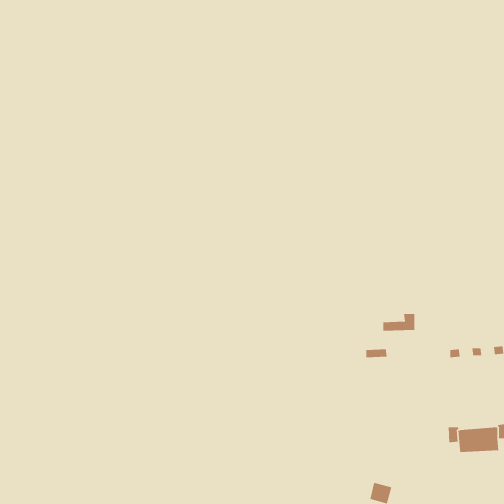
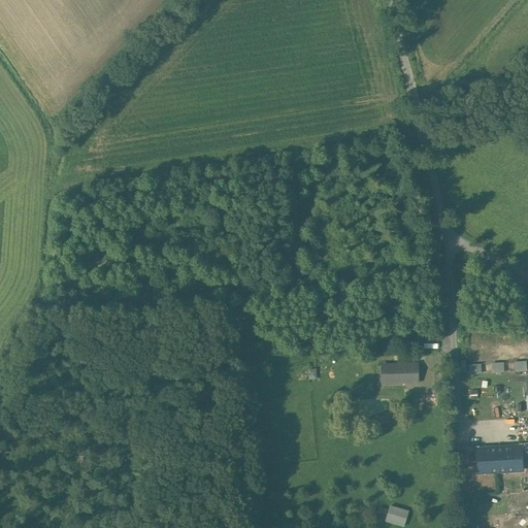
building: [382,313,415,331] -> [383,364,417,383]

